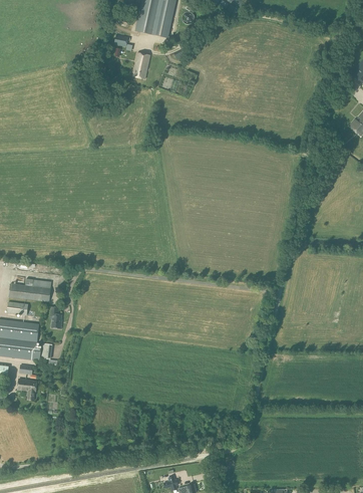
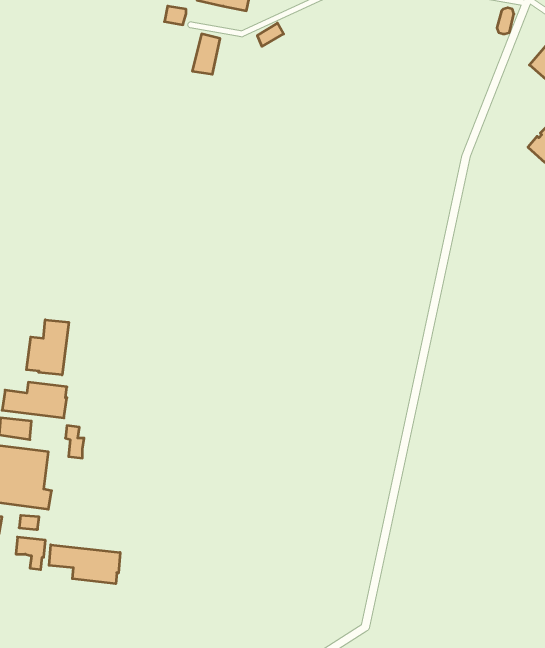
building: none -> [26,320,69,375]
building: none -> [49,545,120,584]

